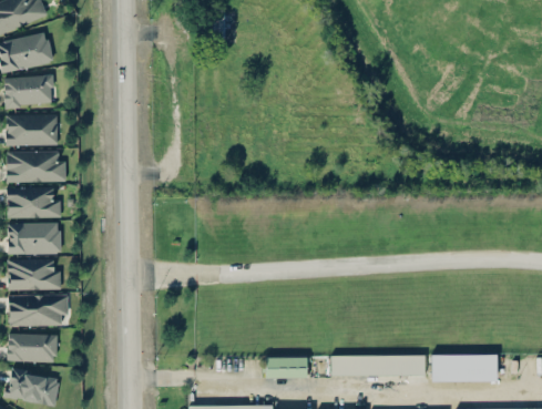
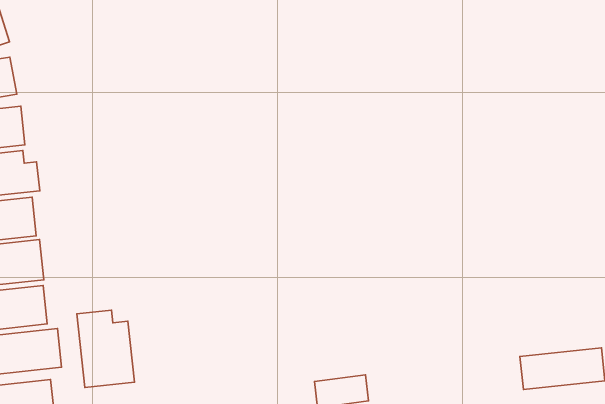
building: none -> [77,310,135,388]
building: [331,356,427,377] -> none

